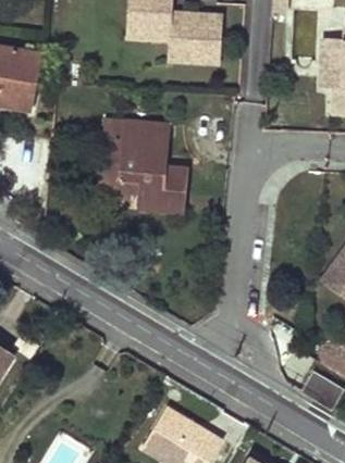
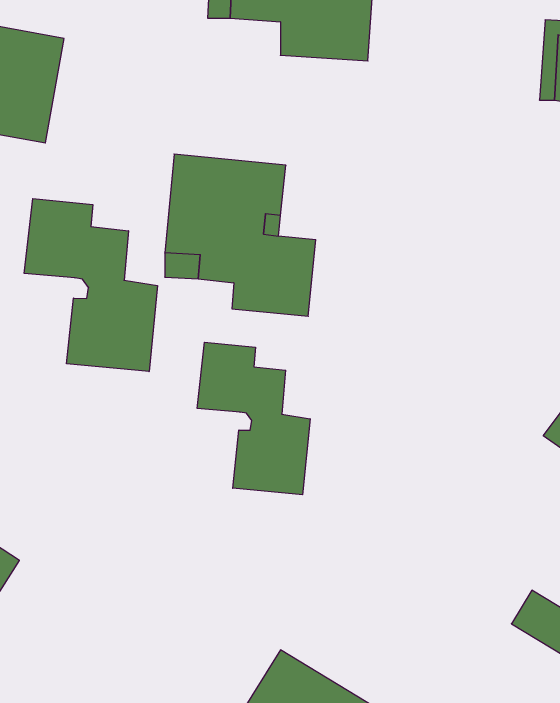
building: none -> [24,199,157,372]
building: none -> [197,342,310,495]

